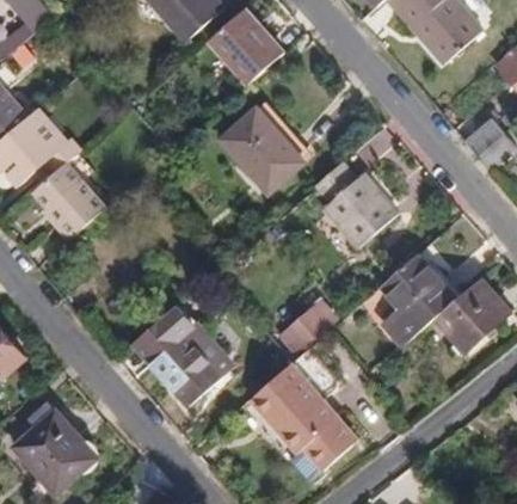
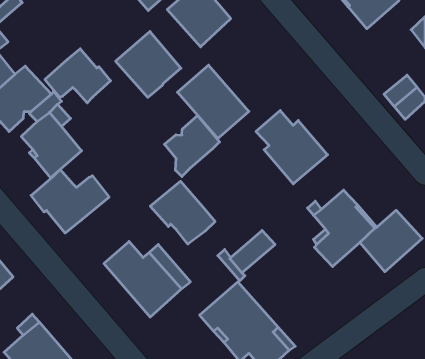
building: none -> [116,31,181,97]
building: none -> [45,49,111,103]
building: none -> [164,115,220,177]
building: none -> [31,169,109,233]
building: none -> [150,181,215,244]

